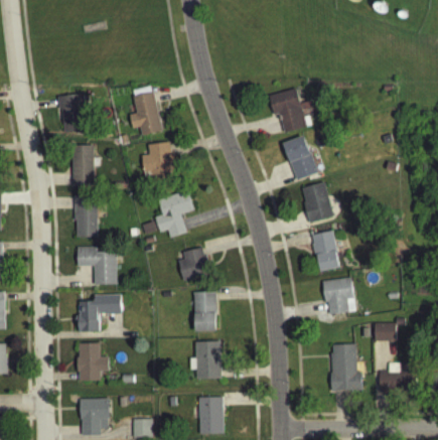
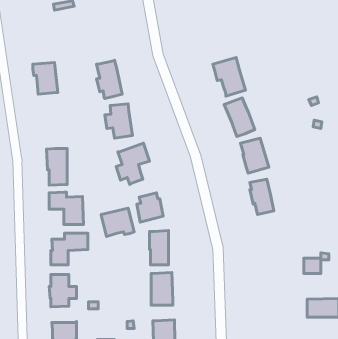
building: [72,145,94,185] -> none
building: none -> [101,208,134,236]
building: [322,277,353,314] -> none
building: [331,343,362,390] -> none

